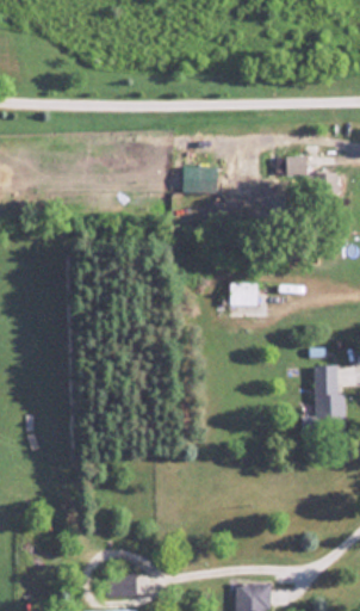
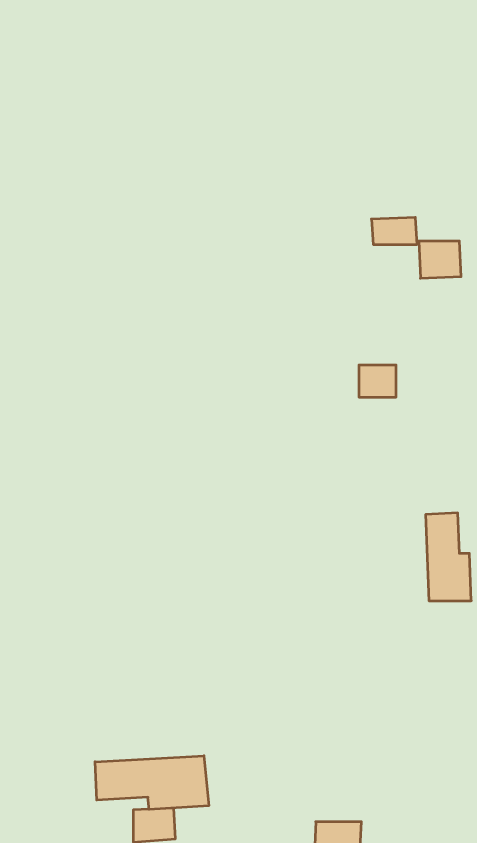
building: [185,166,216,192] -> none
building: [232,283,259,306] -> [359,365,396,397]
building: none -> [95,756,209,809]

